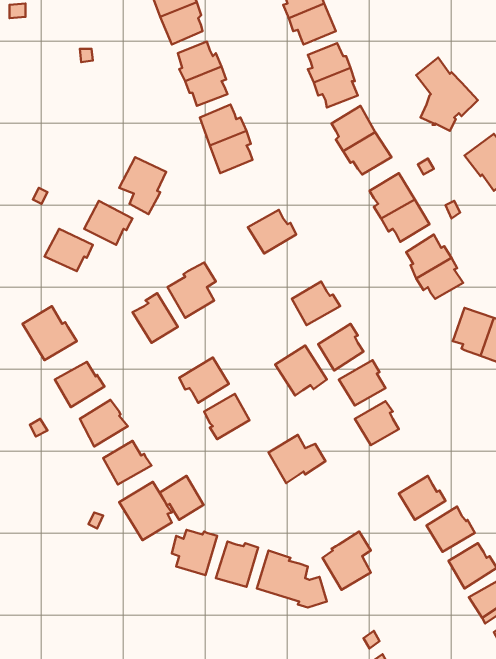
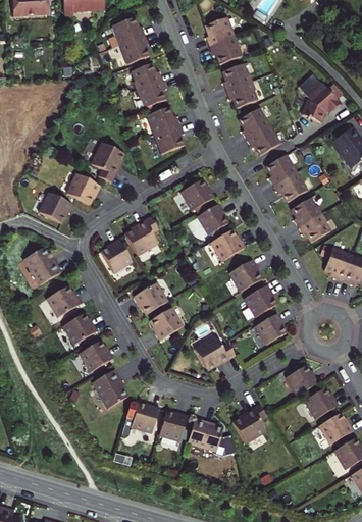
building: none -> [197,203,227,234]
building: [275,345,327,395] -> none
building: [160,476,204,520] -> none

